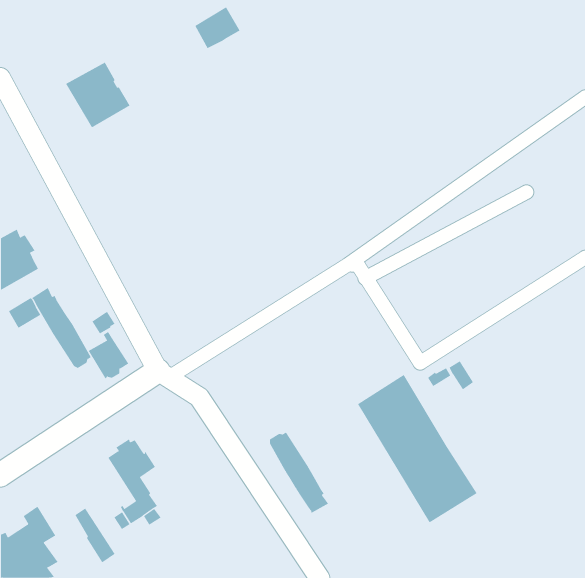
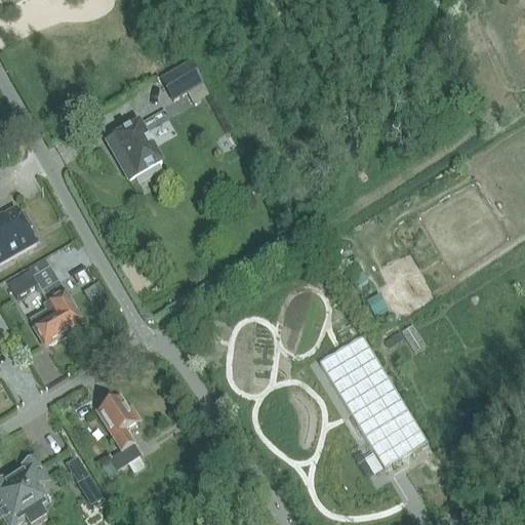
building: [195,6,240,49] -> [162,59,203,97]
building: [65,62,130,128] -> [106,120,164,179]
building: [88,331,129,379] -> [29,299,66,342]
building: [270,432,329,514] -> none

